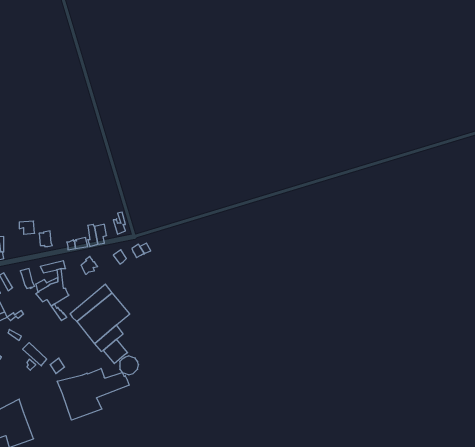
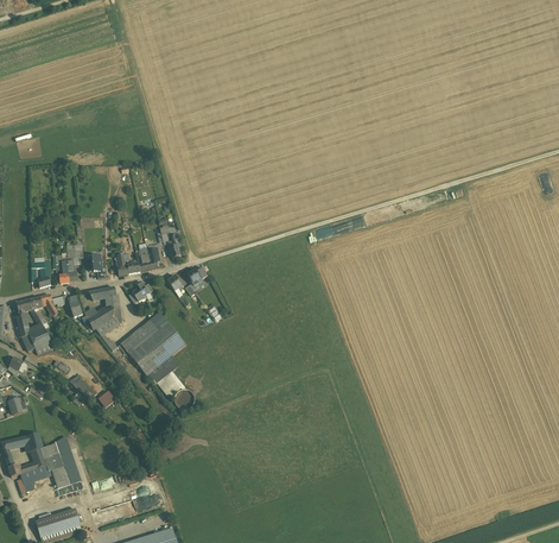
building: [57,368,129,420] -> none

